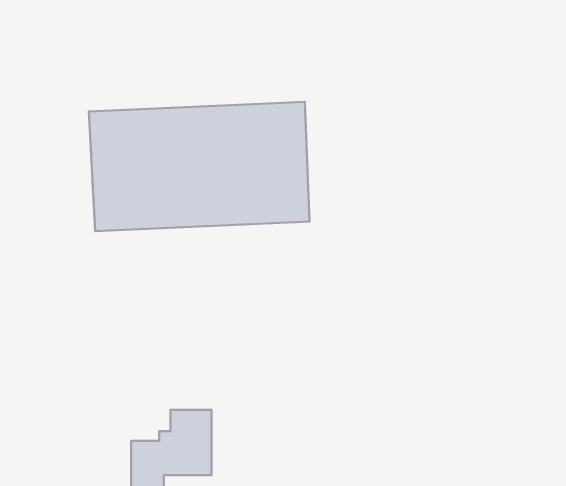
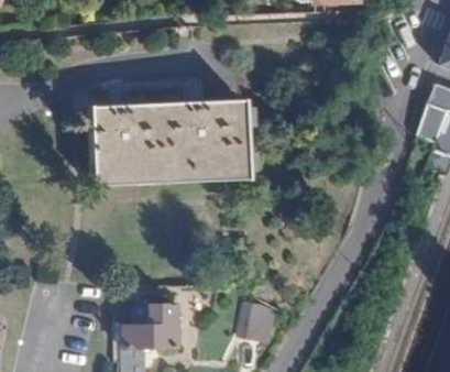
building: none -> [235,303,273,343]

